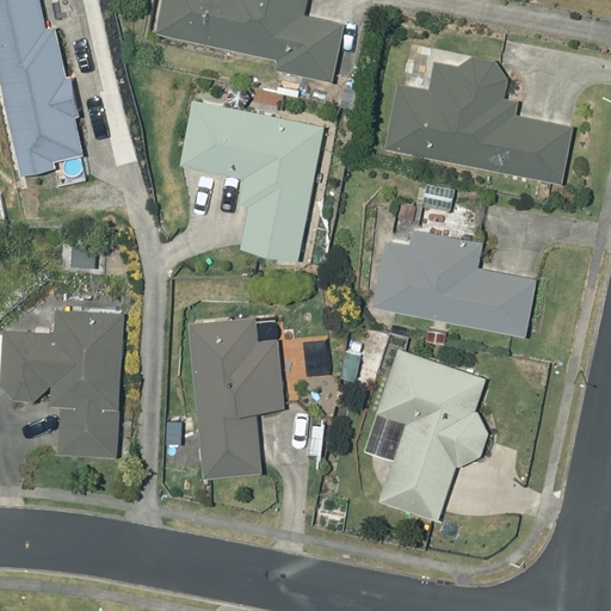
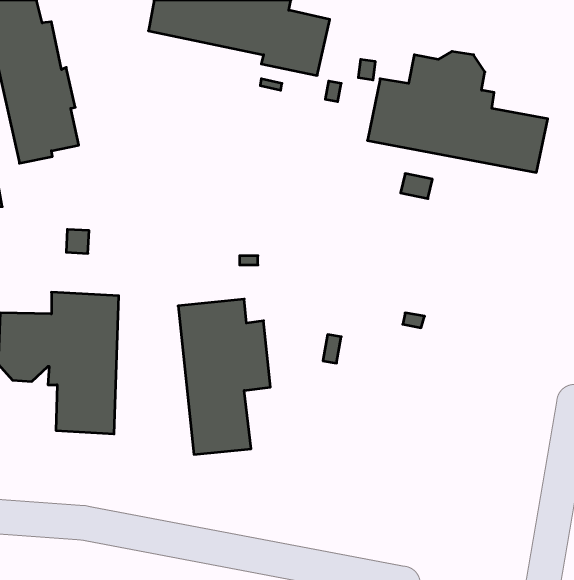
building: [178,100,325,260] -> none
building: [372,229,537,338] -> none
building: [377,350,488,521] -> none

